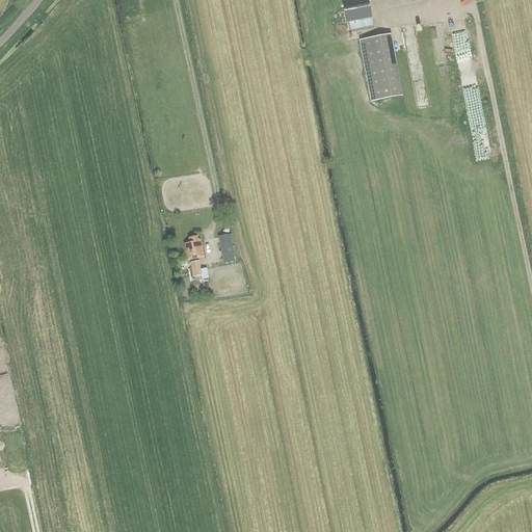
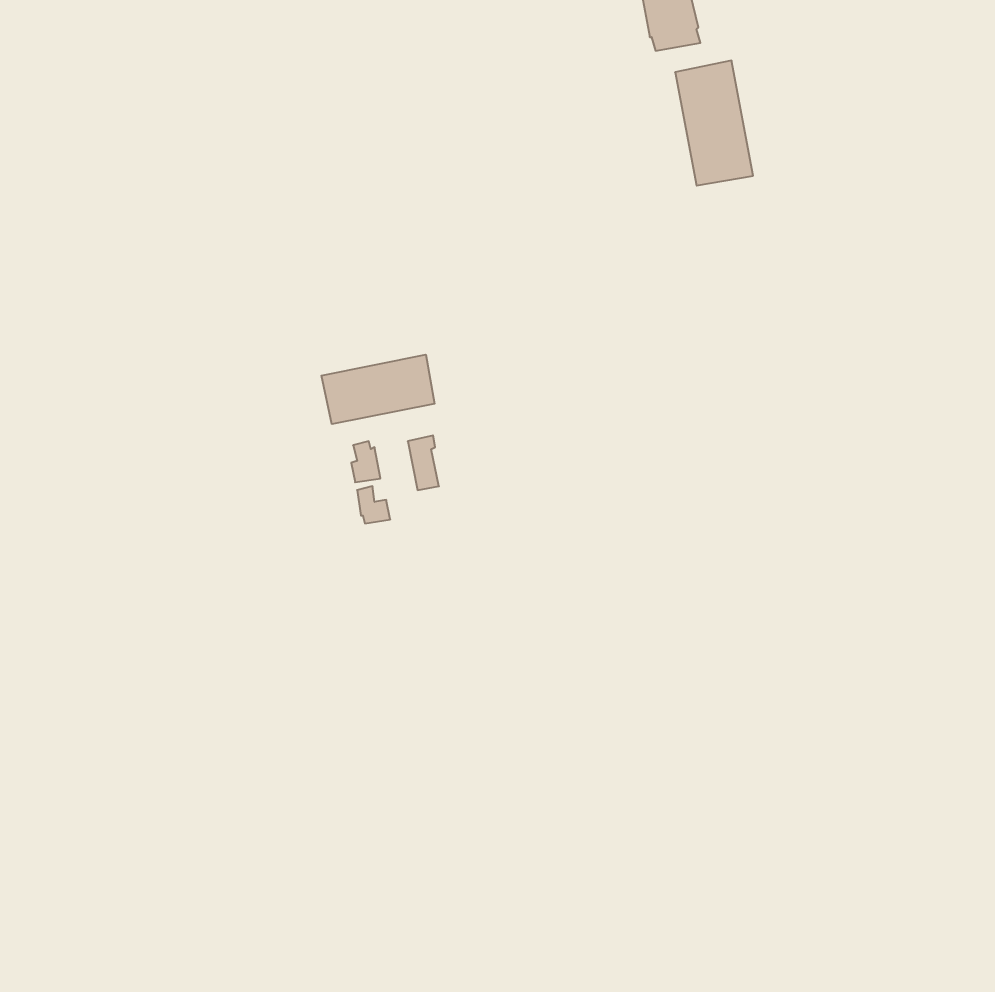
building: none -> [321,355,435,424]

